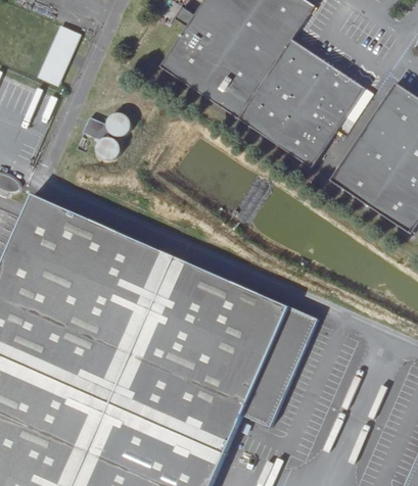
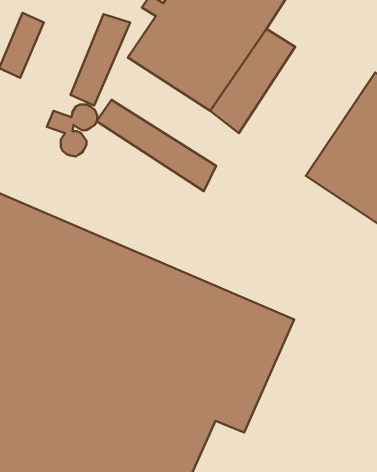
building: none -> [71,14,130,105]
building: [266,57,364,167] -> none
building: none -> [97,100,216,191]

